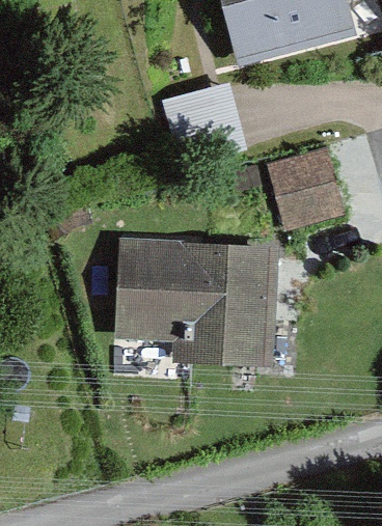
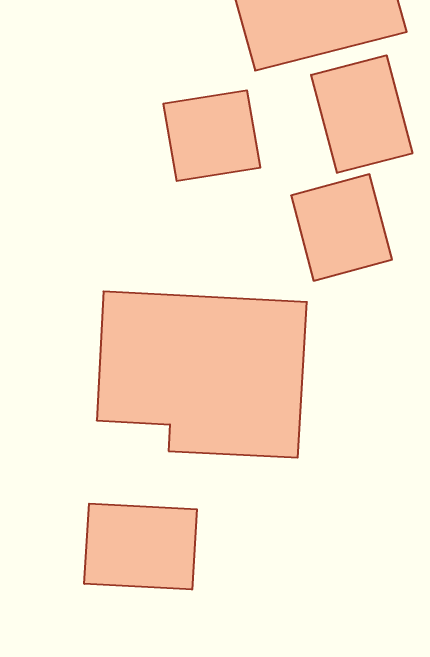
building: none -> [311,55,412,173]
building: none -> [84,504,197,590]

